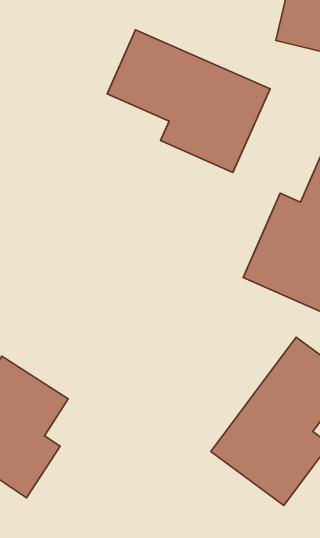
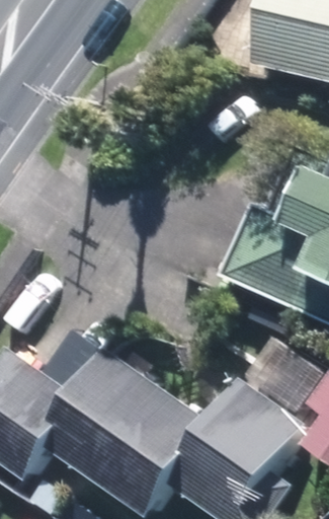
building: [107,30,270,172] -> none
building: none -> [66,348,200,480]

